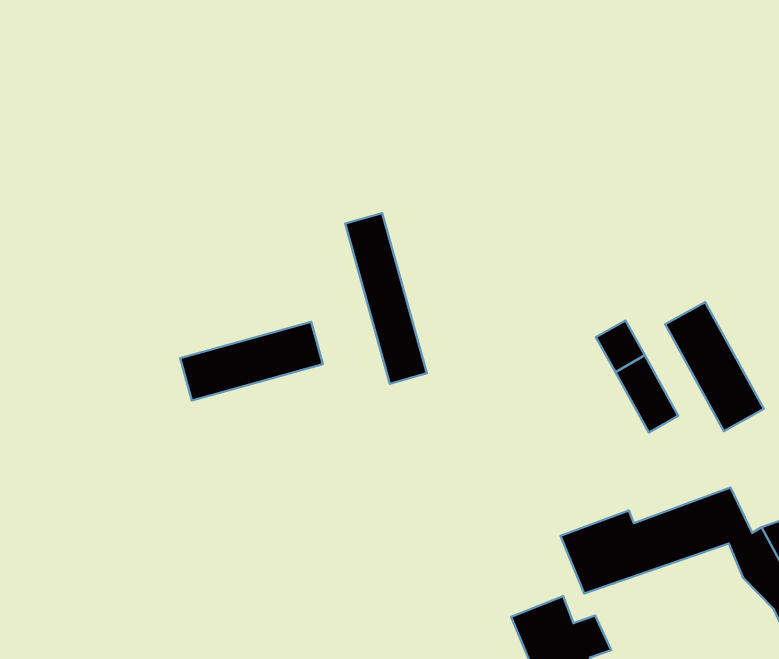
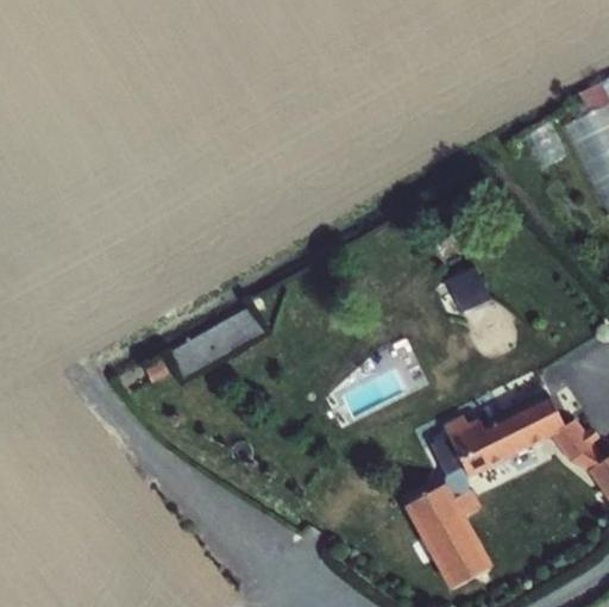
building: [345,213,427,384] -> none
building: [665,302,764,431] -> none

